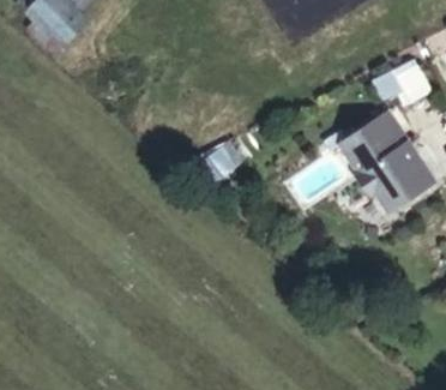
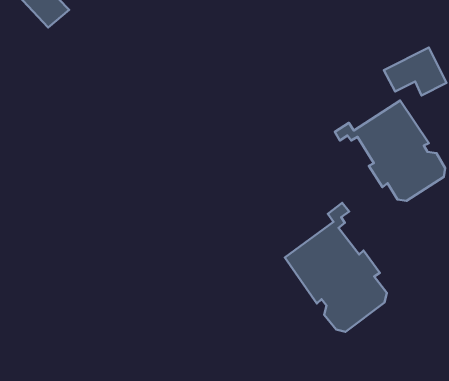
building: none -> [285,203,387,332]

